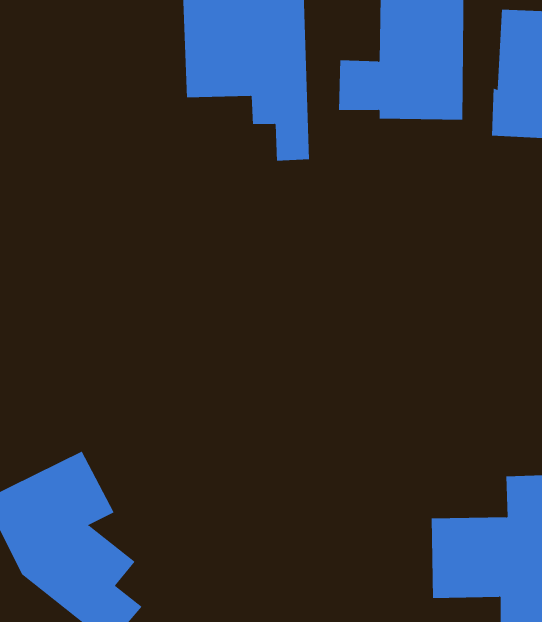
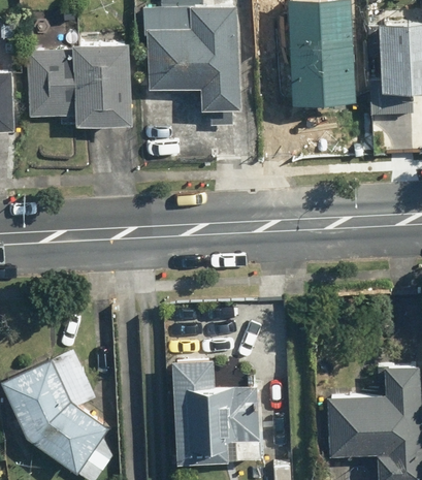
building: none -> [30,43,129,128]
building: none -> [173,359,258,466]

